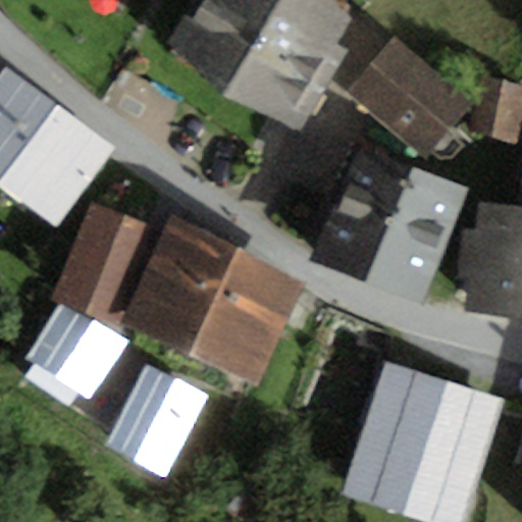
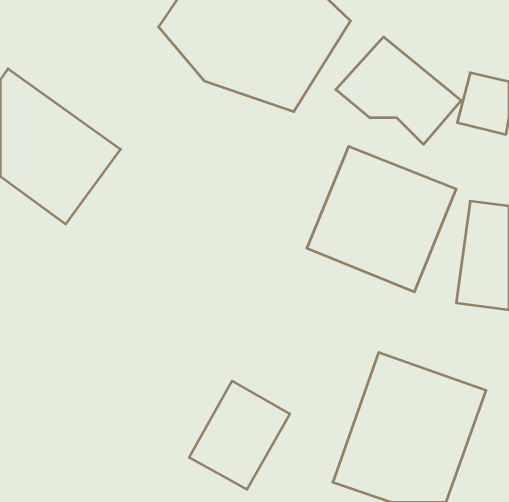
building: [54,204,155,324] -> none
building: [125,222,306,388] -> none
building: [30,312,116,397] -> none
building: [104,364,207,475] -> [189,381,290,489]

